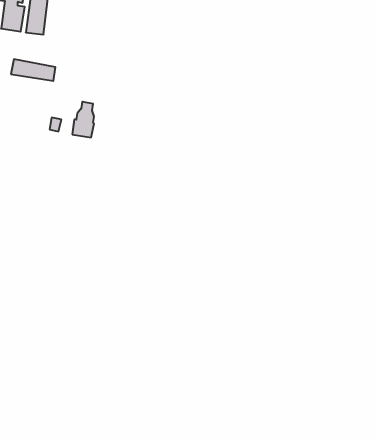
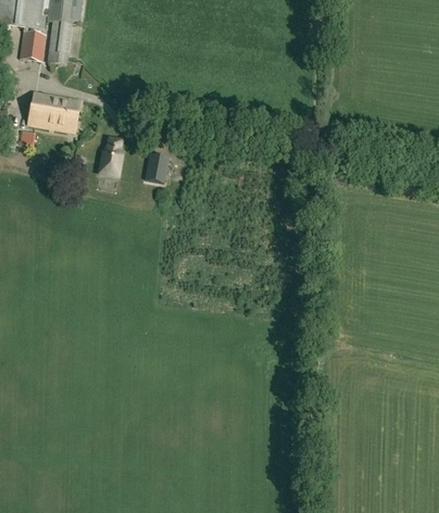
building: none -> [28,108,77,132]
building: none -> [146,154,168,183]

